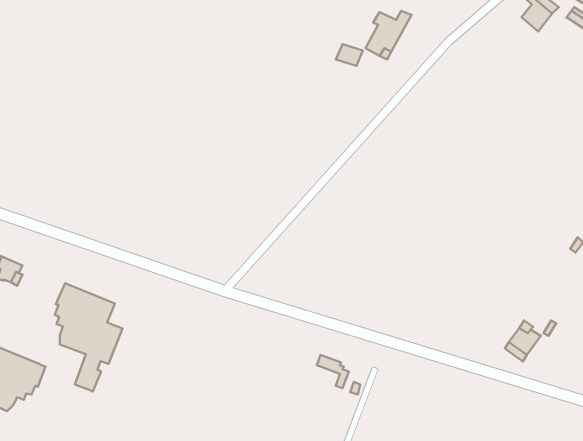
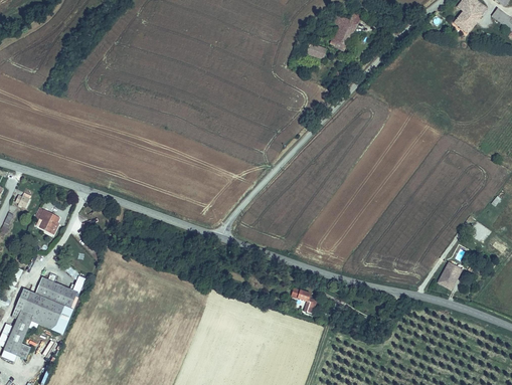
building: [55,283,123,392] -> none

